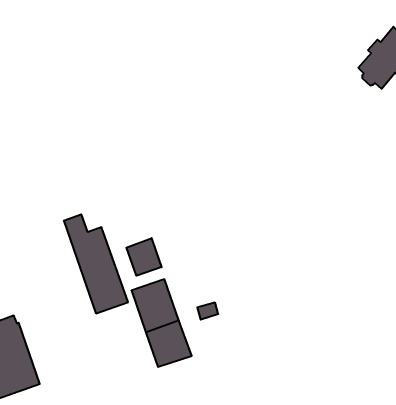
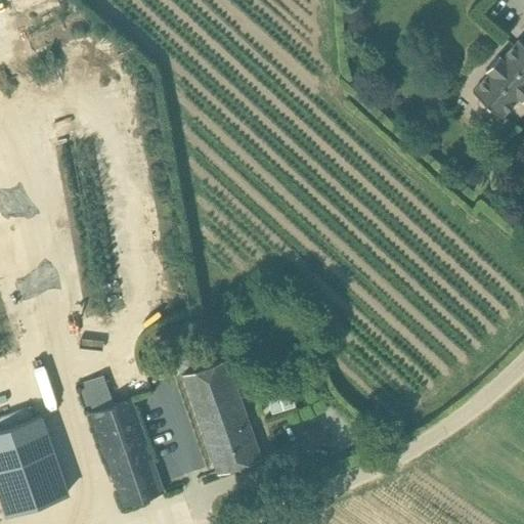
building: [64,214,128,313] -> [82,383,164,509]
building: [126,238,162,276] -> none

